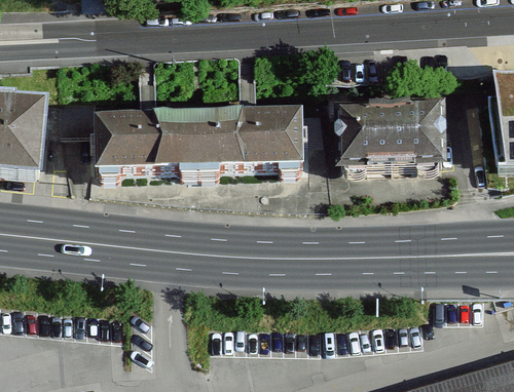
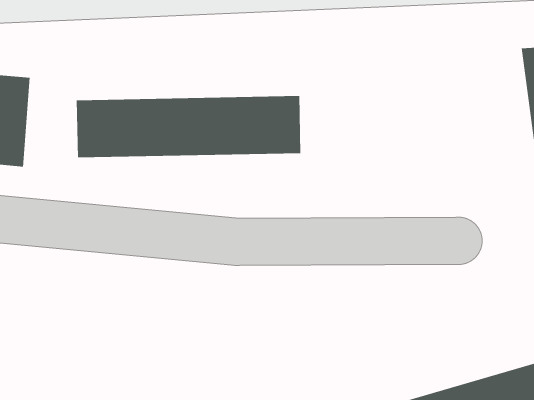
building: [330,100,441,168] -> none

